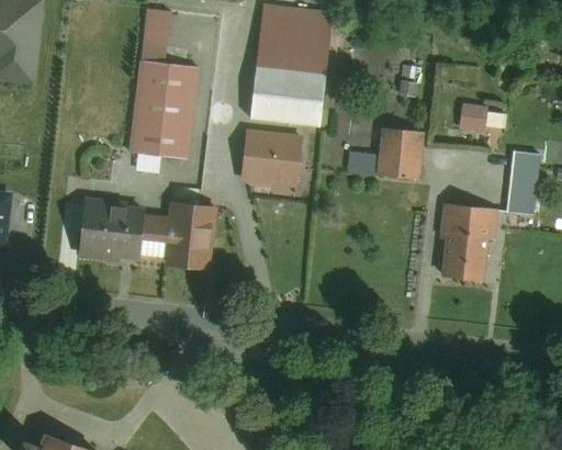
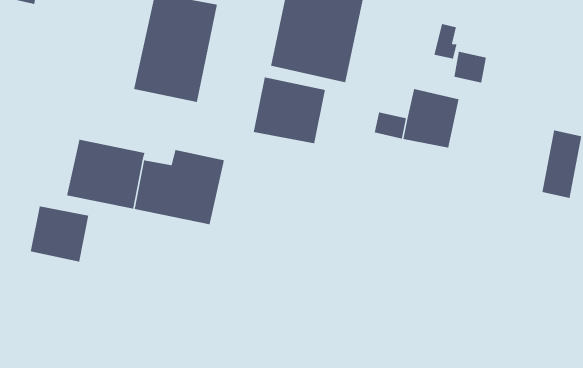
building: [459,103,487,131] -> [453,51,487,83]
building: [441,204,497,281] -> none
building: none -> [30,206,89,262]

